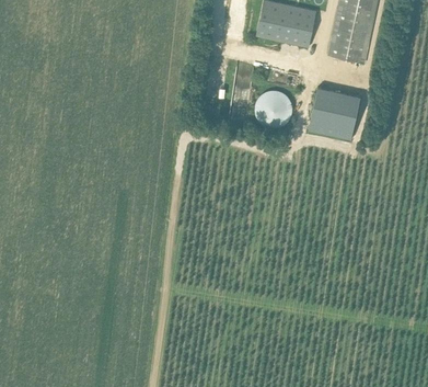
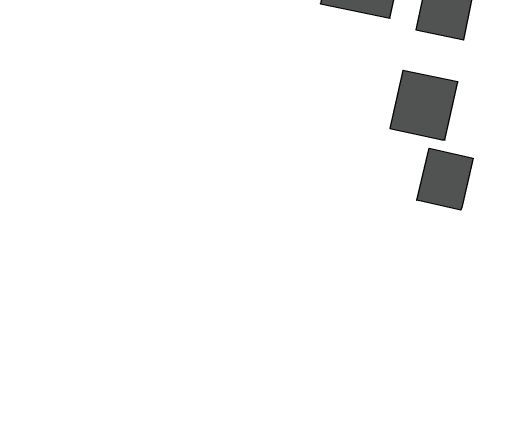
building: [255,90,293,127] -> none
building: none -> [417,148,473,210]

